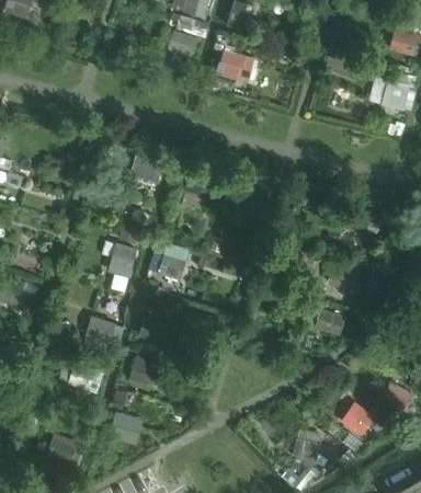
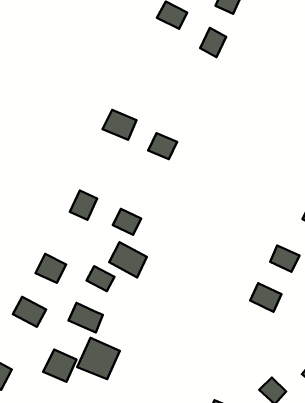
building: none -> [109,242,147,277]
building: none -> [77,338,120,379]

